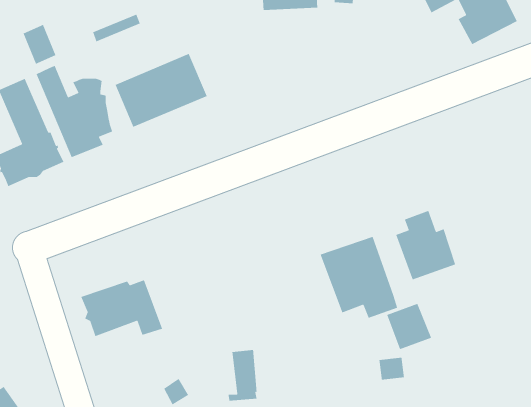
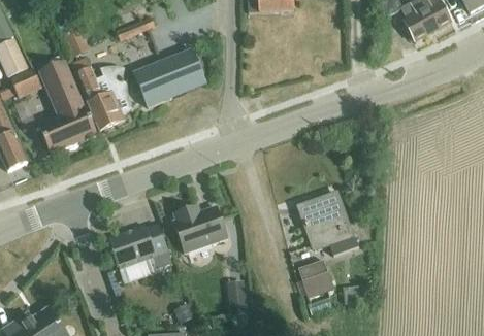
building: [395,210,456,280] -> none
building: none -> [172,205,226,253]
building: [386,303,432,350] -> [296,259,332,296]

